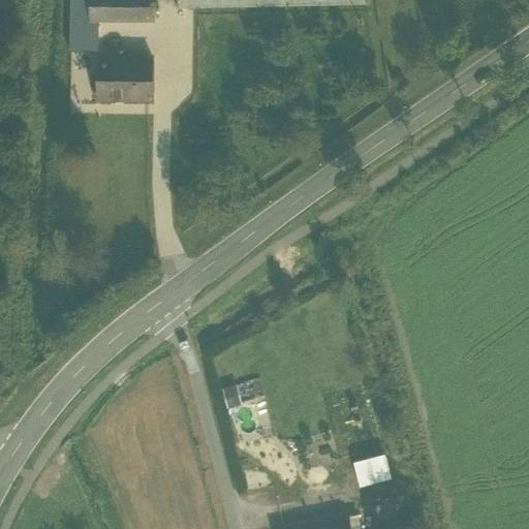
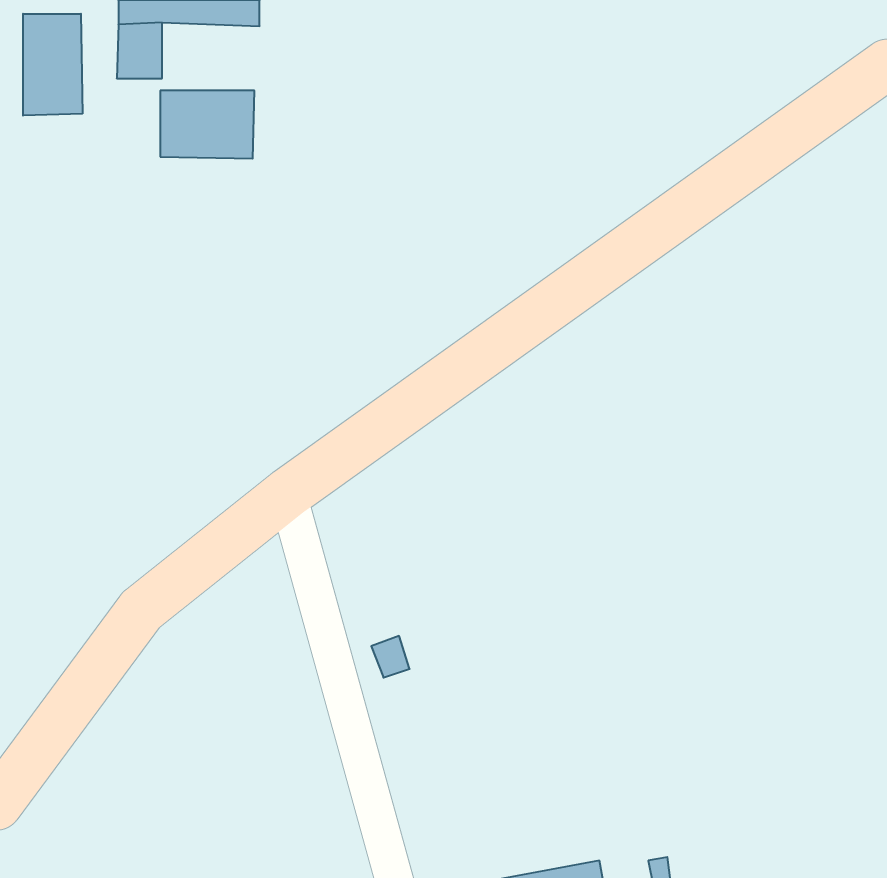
building: none -> [23,14,82,116]
building: [354,455,393,488] -> none

